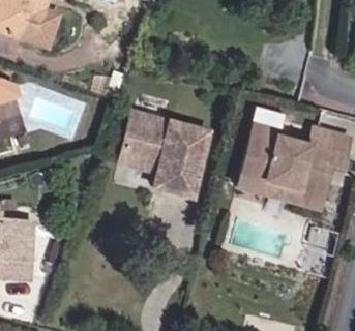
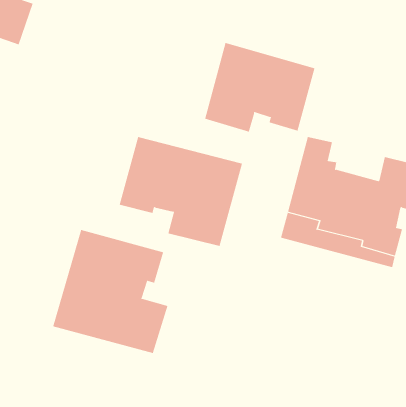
building: none -> [205,42,315,133]
building: none -> [52,229,168,354]

